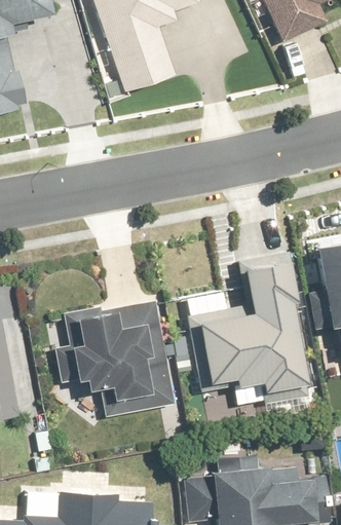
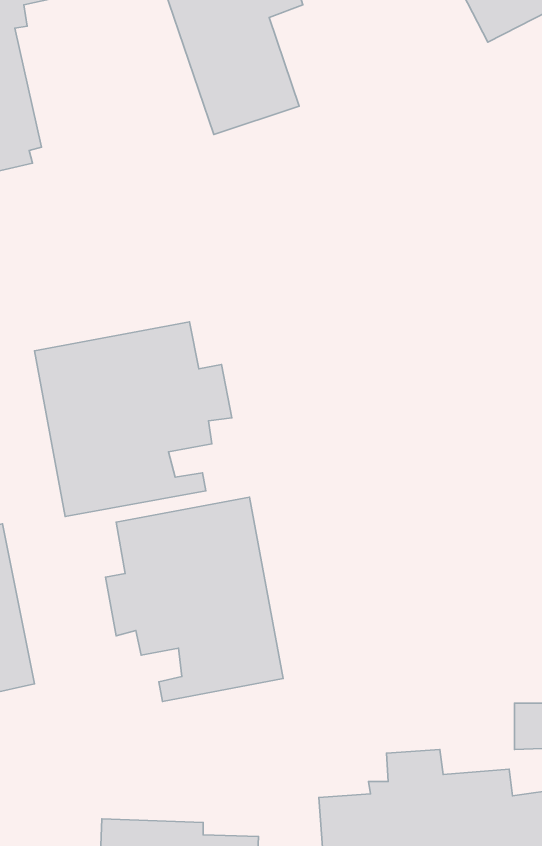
building: none -> [34,322,232,516]
building: [190,259,302,393] -> none

